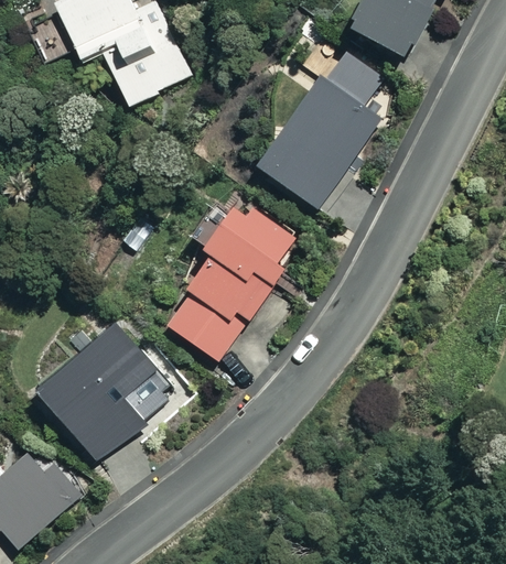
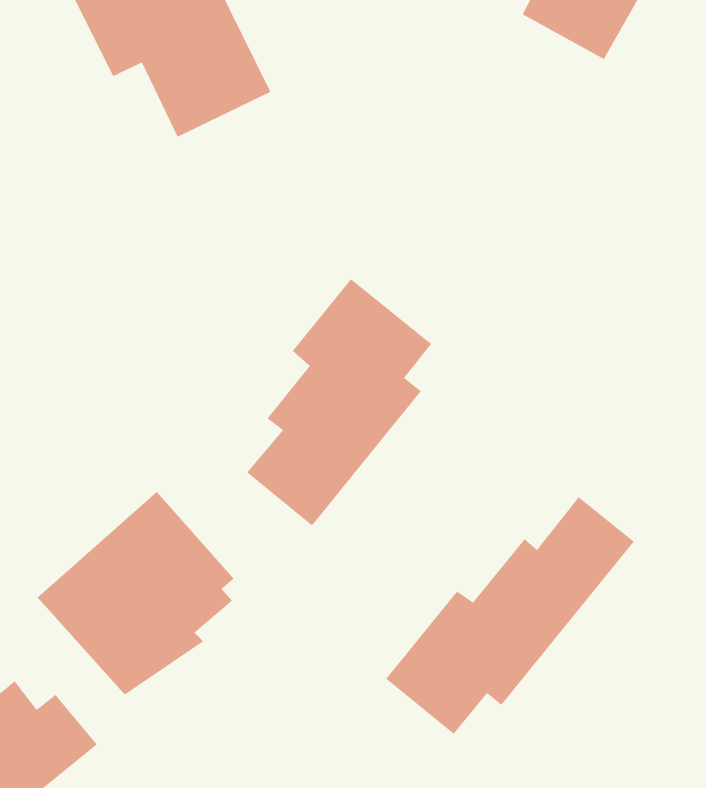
building: [252,52,380,209] -> none
building: none -> [385,496,635,735]

